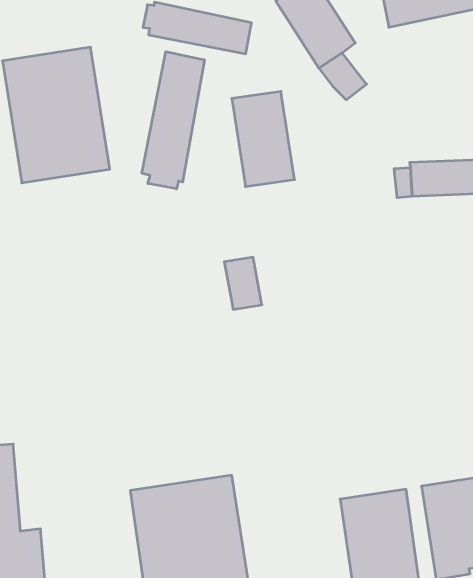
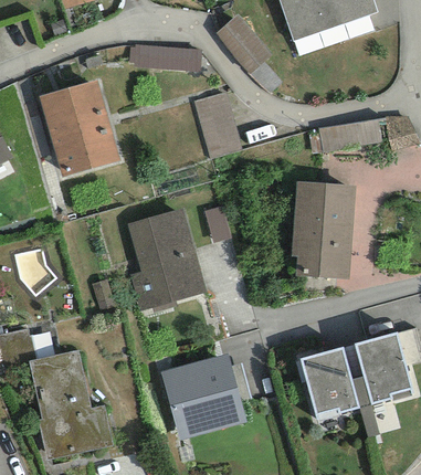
building: [142,52,204,189] -> none
building: none -> [292,181,356,278]
building: none -> [127,209,207,313]

